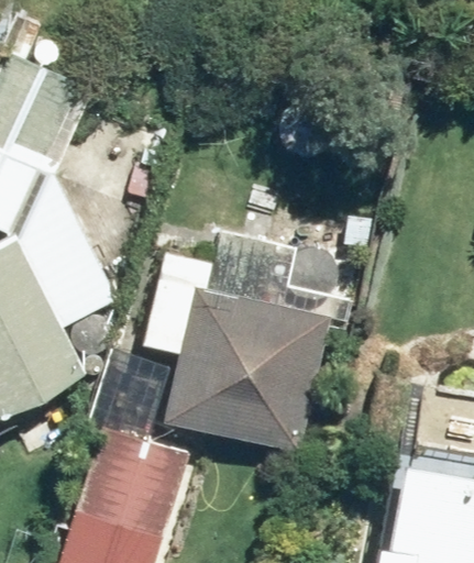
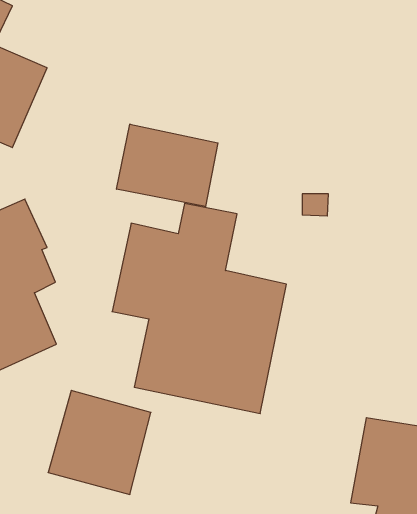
building: none -> [117,124,218,207]

